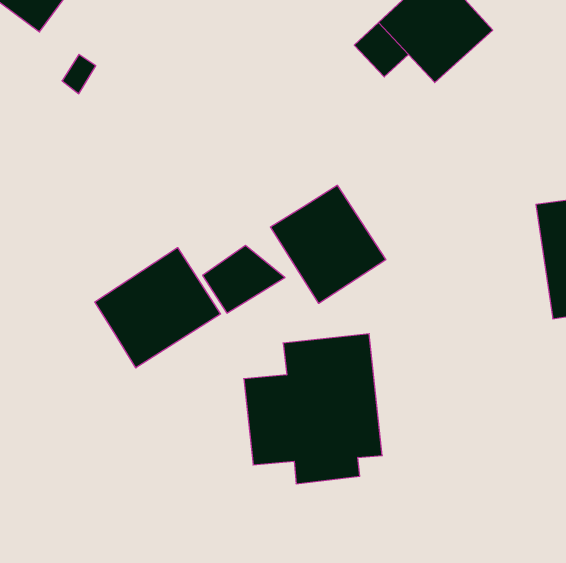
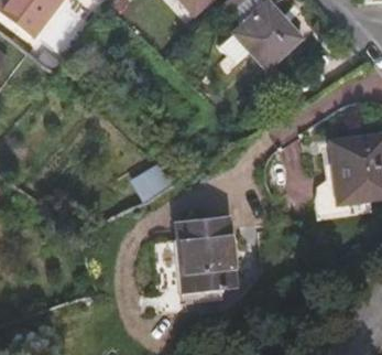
building: [270,185,386,303] -> none
building: [95,248,221,368] -> none

